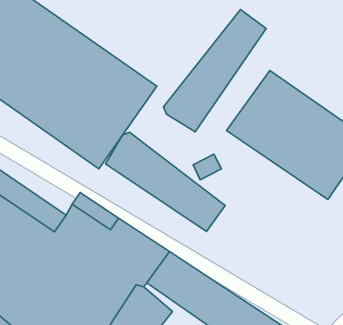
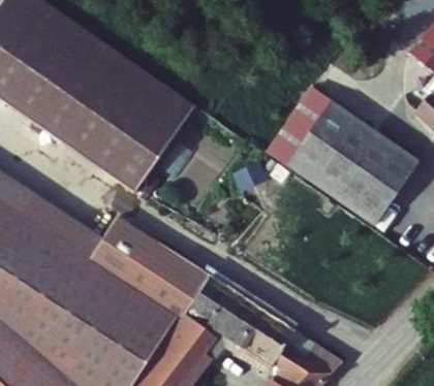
building: [163,9,266,132] -> none
building: [105,132,225,231] -> none

